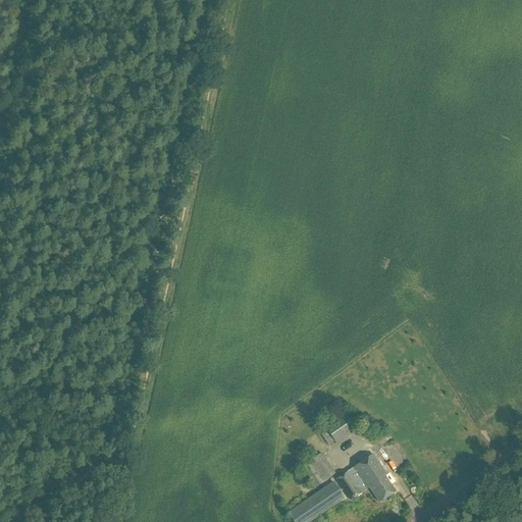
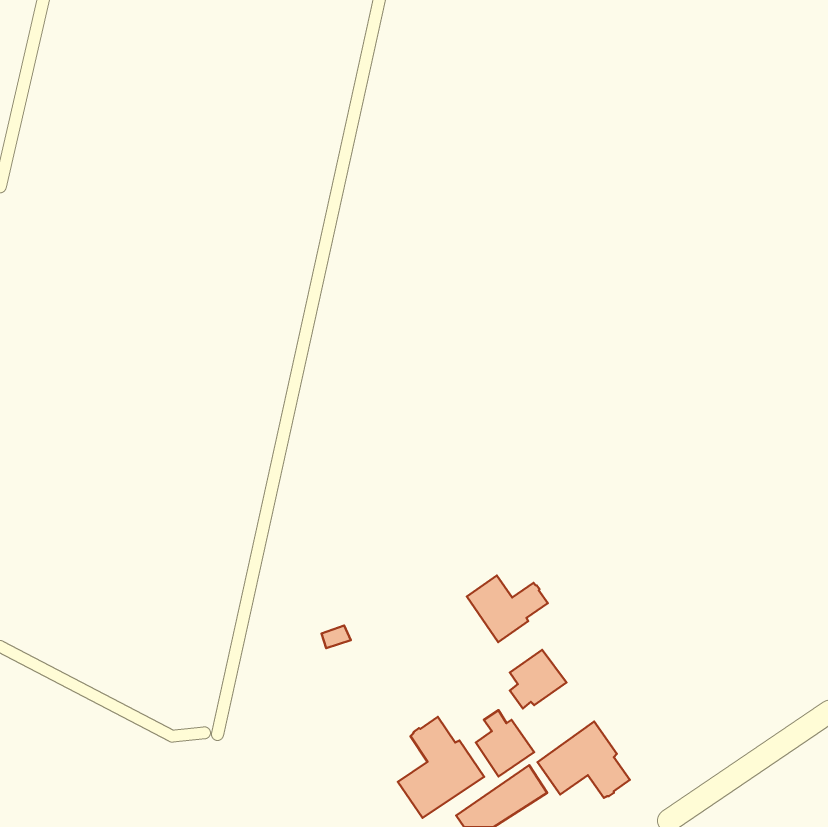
building: none -> [467,576,548,642]
building: none -> [398,717,484,818]

